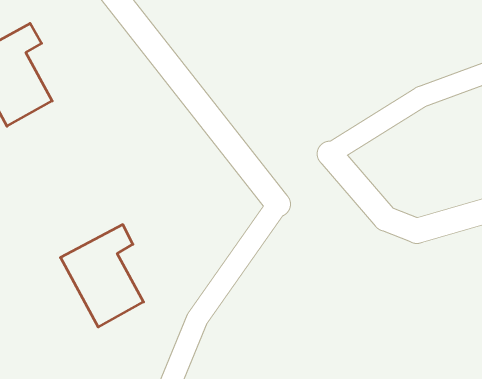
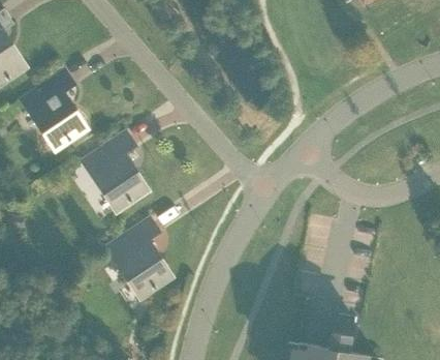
building: none -> [82,133,149,213]

